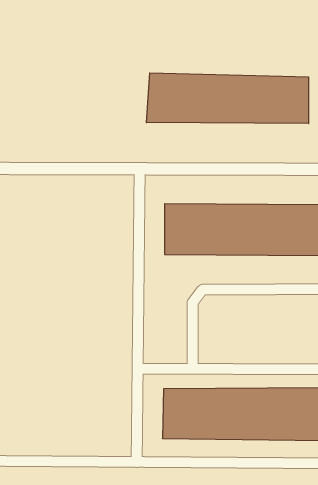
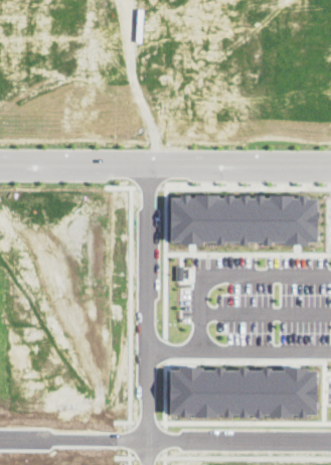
building: [146,73,309,124] -> none

